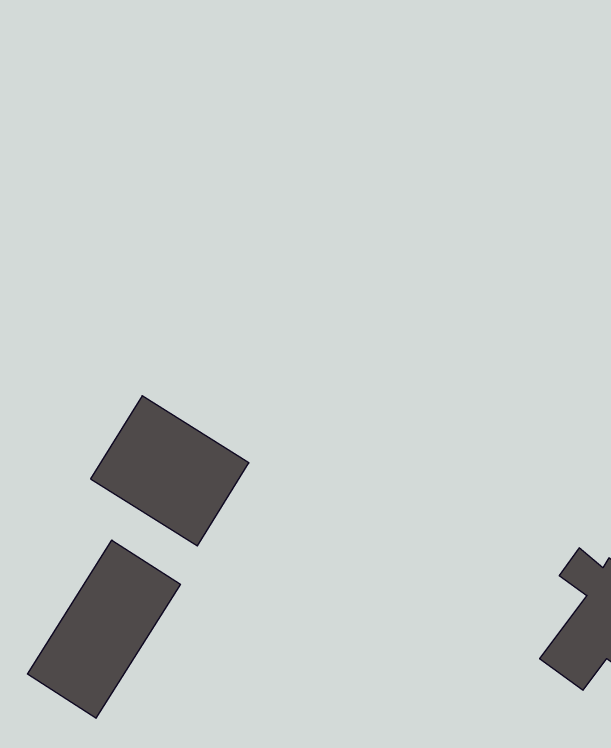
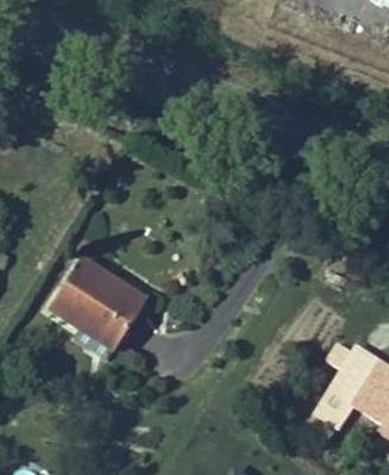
building: [27,540,180,718] -> none

